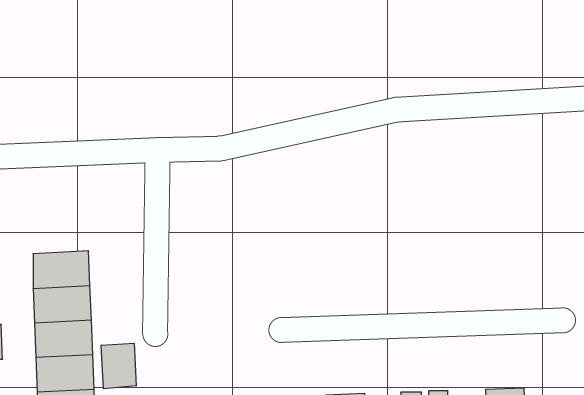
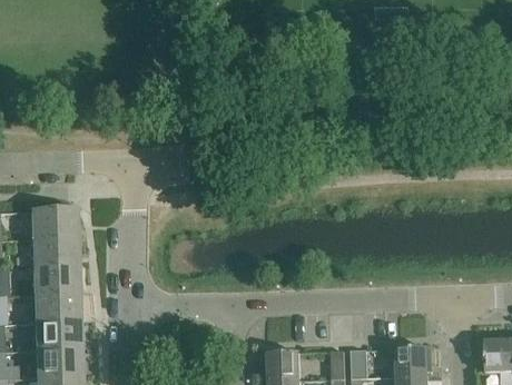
building: none -> [32,210,78,240]
building: [101,343,136,389] -> none

